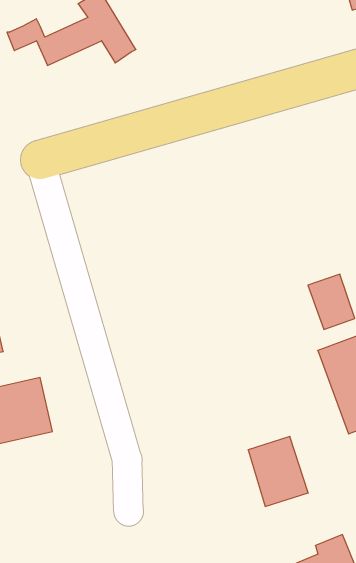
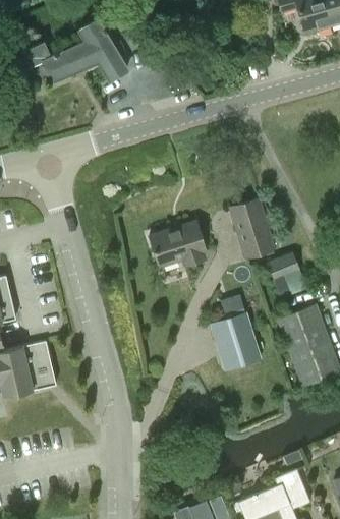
building: none -> [229,198,274,257]
building: none -> [149,224,205,267]
building: [248,436,308,506] -> [210,312,260,370]

